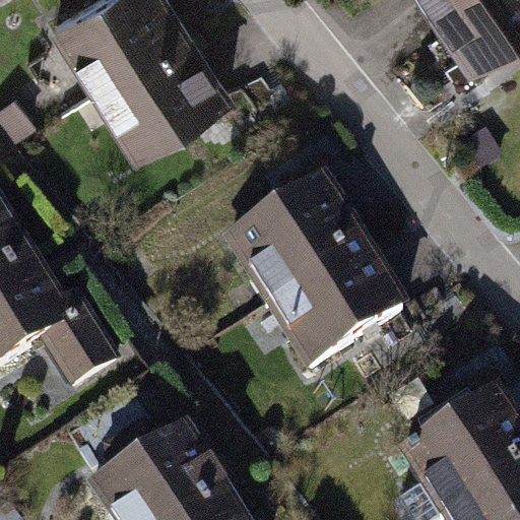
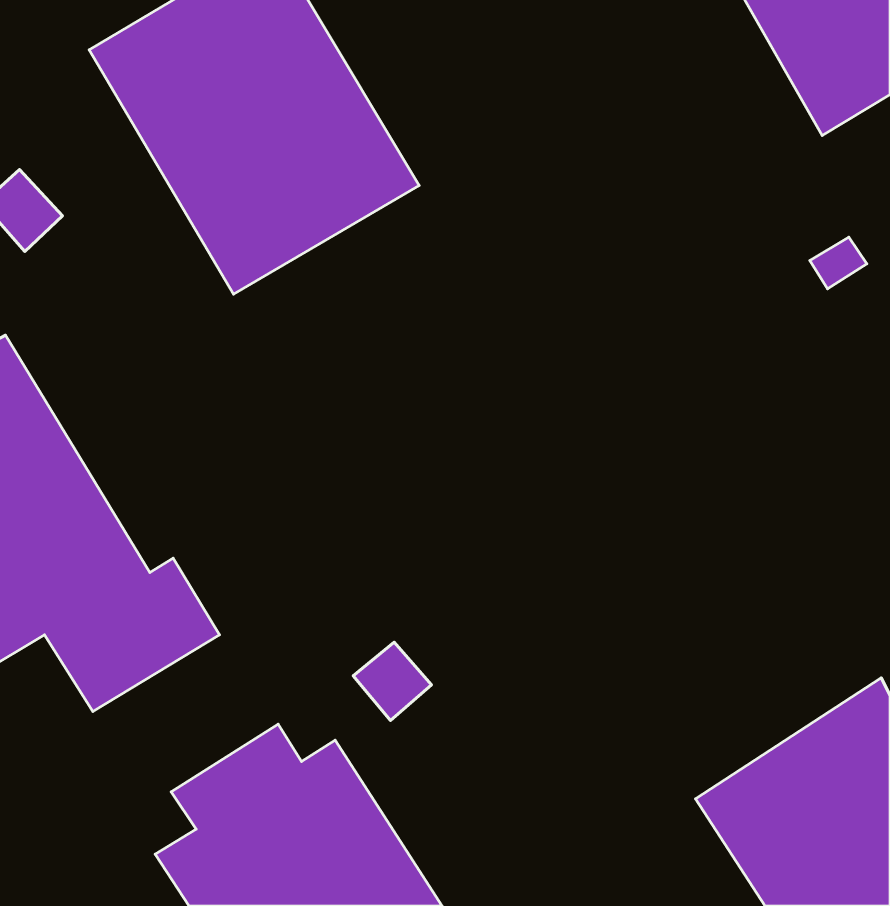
building: [220,177,406,375] -> none

